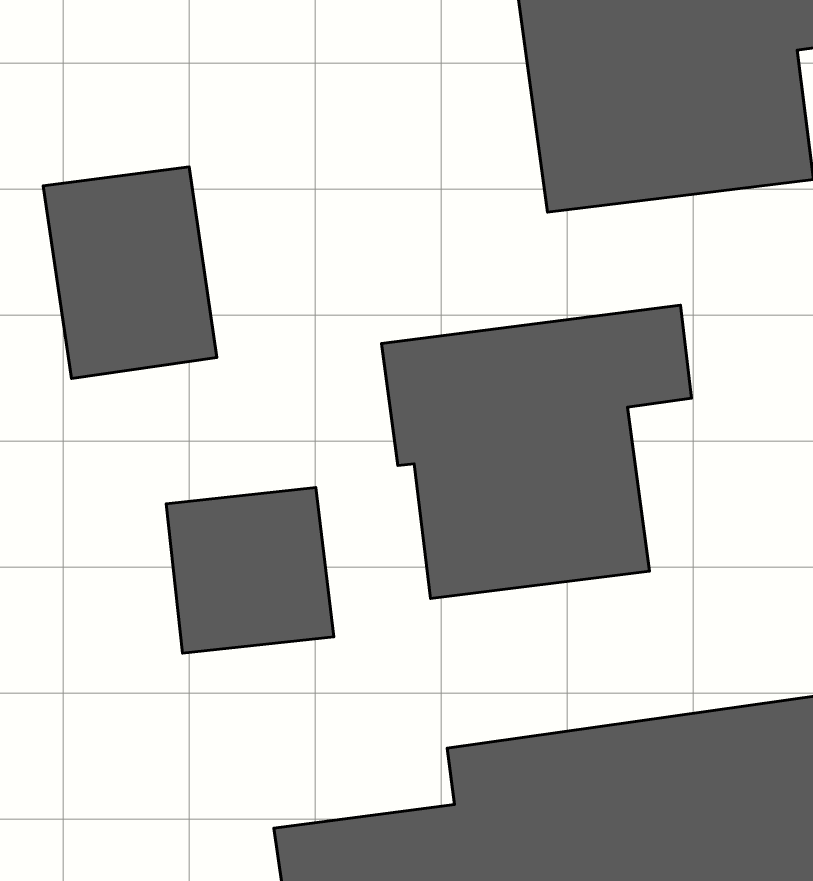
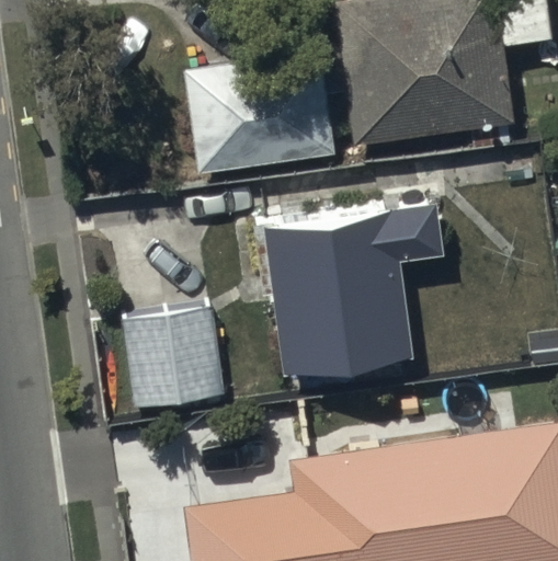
building: none -> [185,55,337,178]
building: [43,167,217,379] -> none

